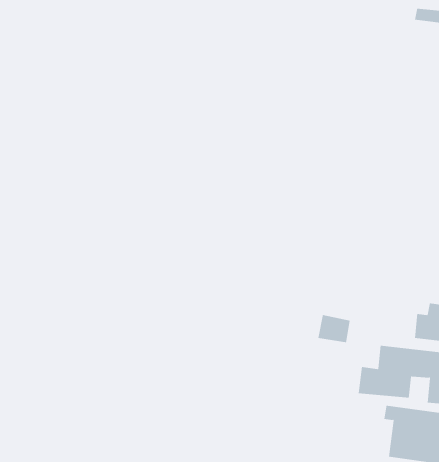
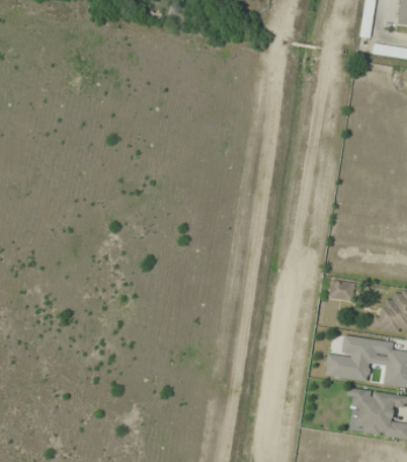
building: [318,315,350,343] -> [328,278,356,302]

